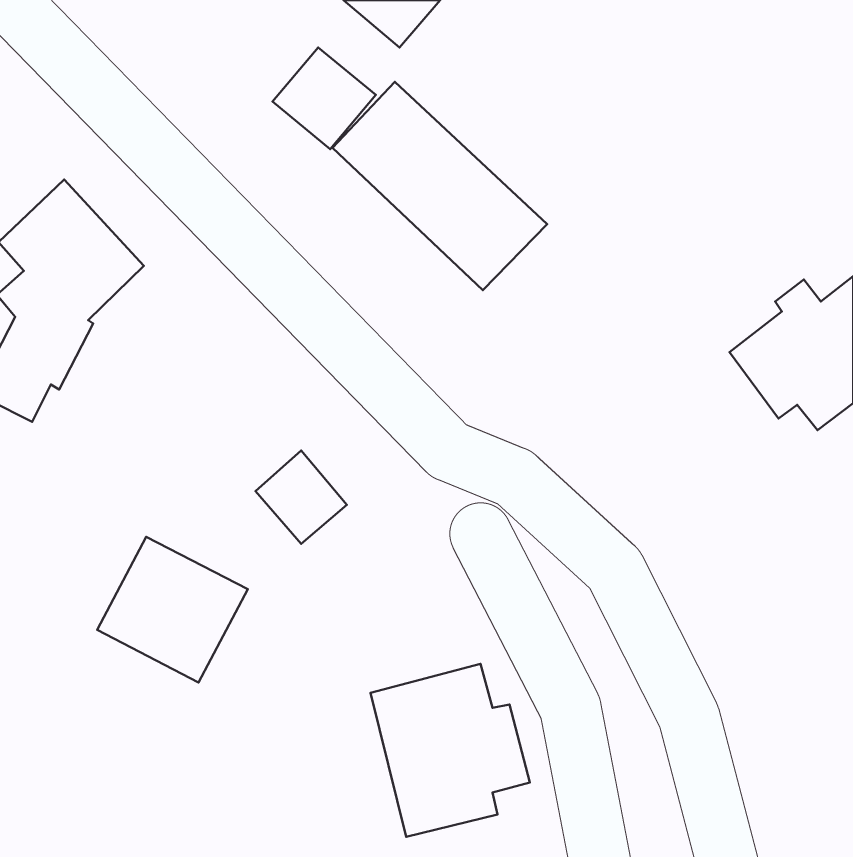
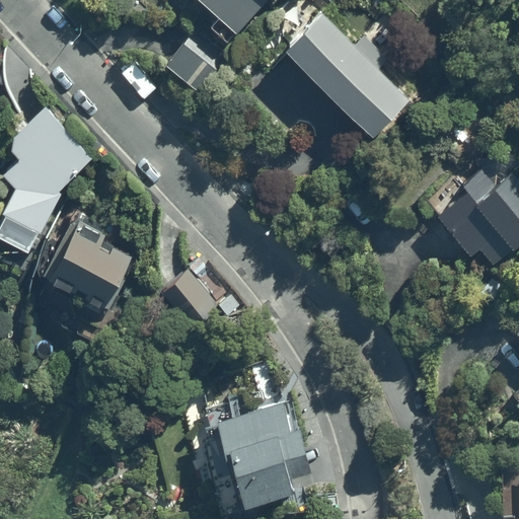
building: [332,82,547,290] -> [288,14,417,139]
building: [97,537,248,682] -> [44,221,134,308]

